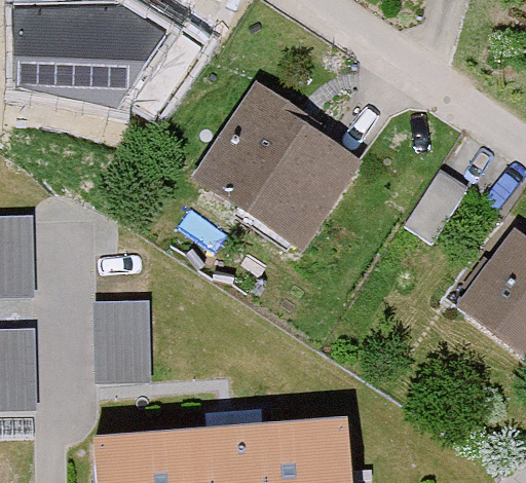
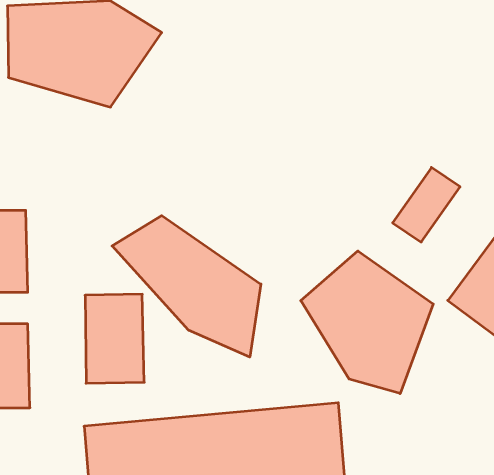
building: [190,87,356,256] -> none
building: none -> [112,216,261,357]
building: none -> [301,251,433,394]

